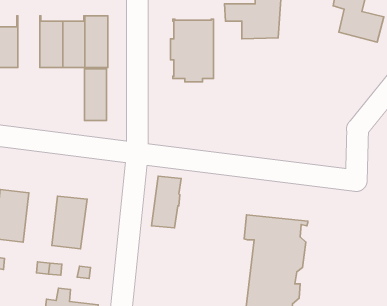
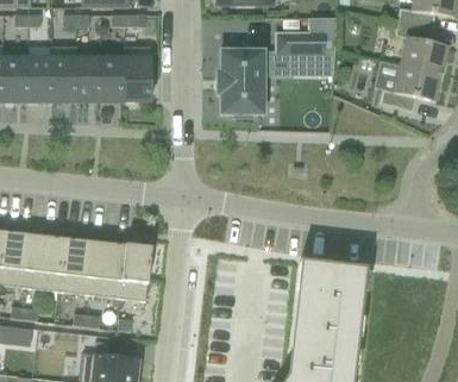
building: none -> [378,63,441,109]
building: [84,69,106,121] -> [52,45,76,101]
building: [151,176,181,228] -> [120,244,152,300]
building: none -> [58,237,95,294]

